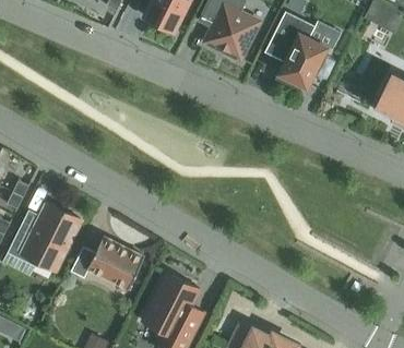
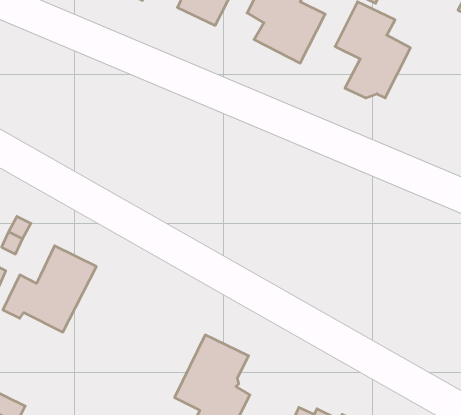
building: [71,237,144,289] -> none

